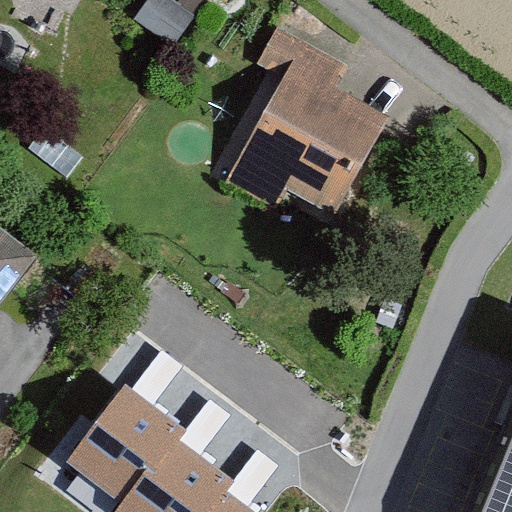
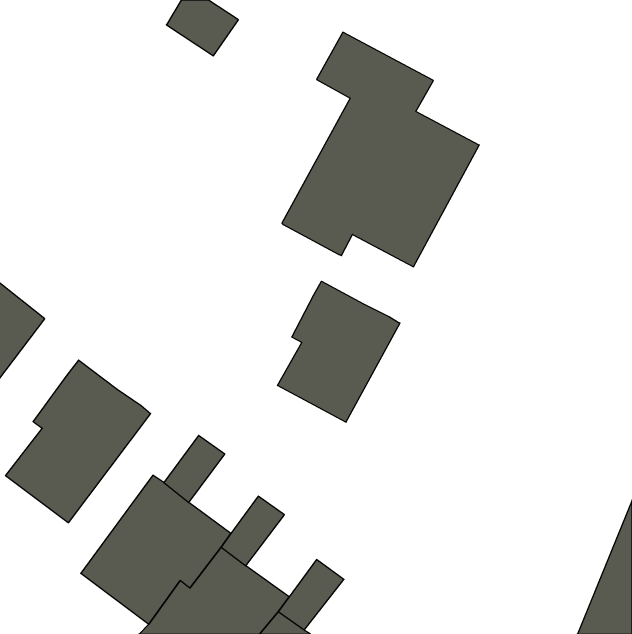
building: none -> [278,281,400,422]
building: none -> [6,360,151,523]

